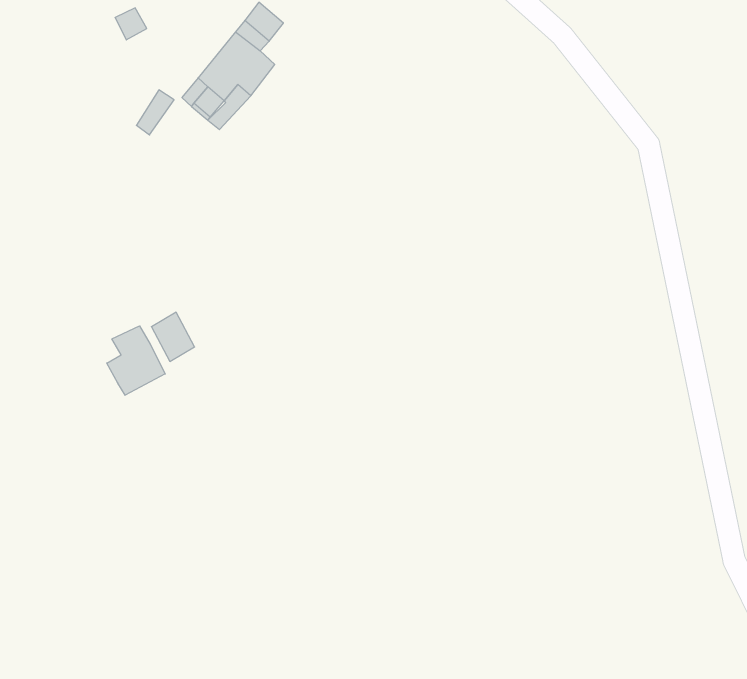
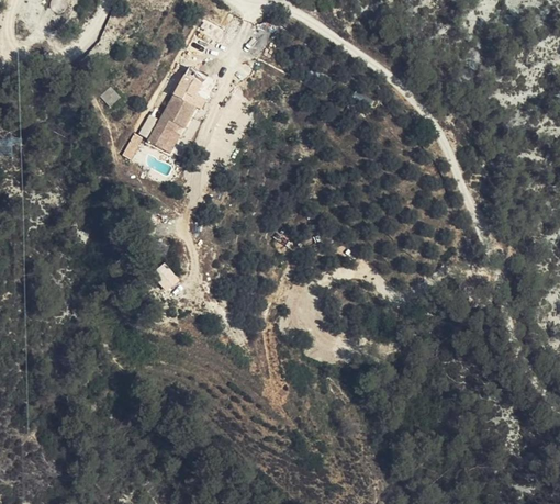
building: [107,326,165,395] -> none

